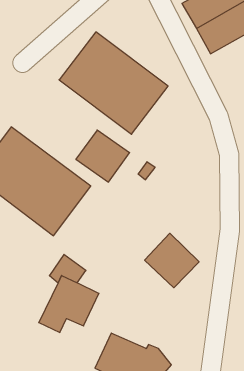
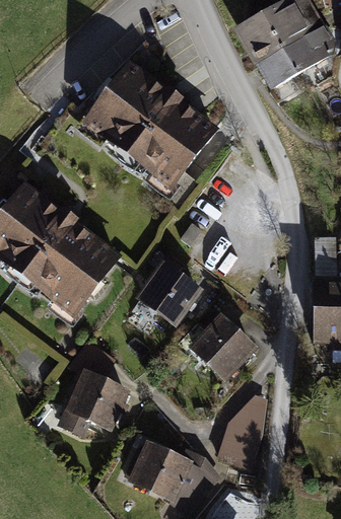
building: [76,130,130,182] -> [136,262,203,326]
building: none -> [218,395,267,469]

